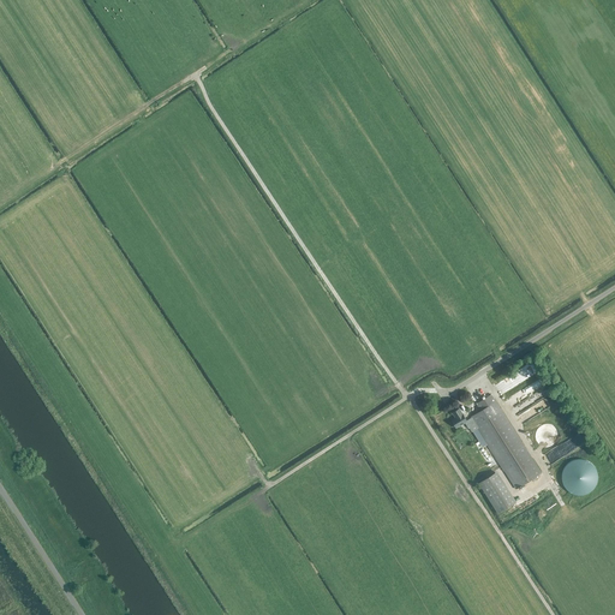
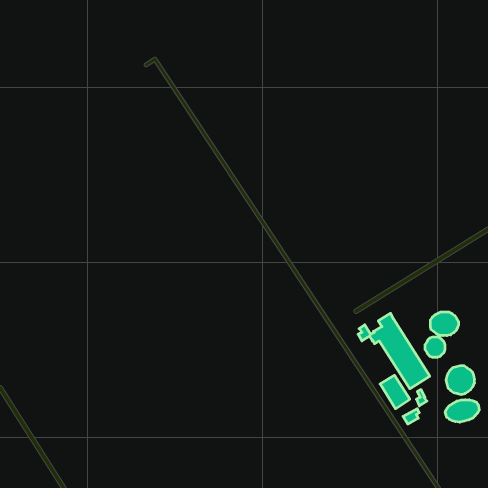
building: none -> [430,312,459,336]
building: none -> [445,400,479,422]

